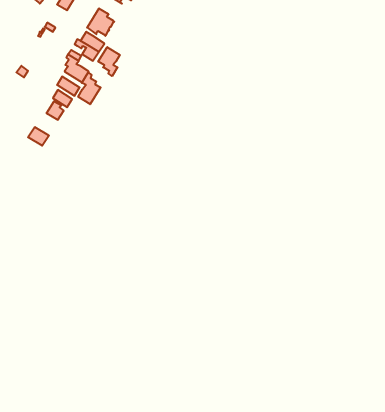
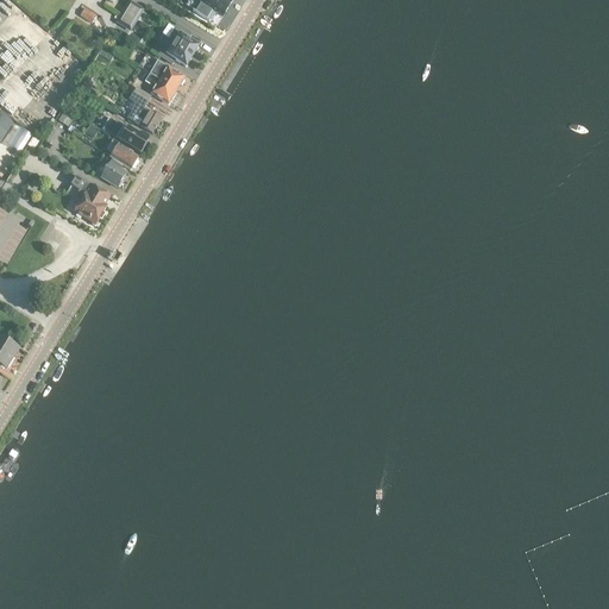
building: [98,47,120,76] -> none
building: [78,72,101,104] -> none
building: none -> [64,176,107,209]

